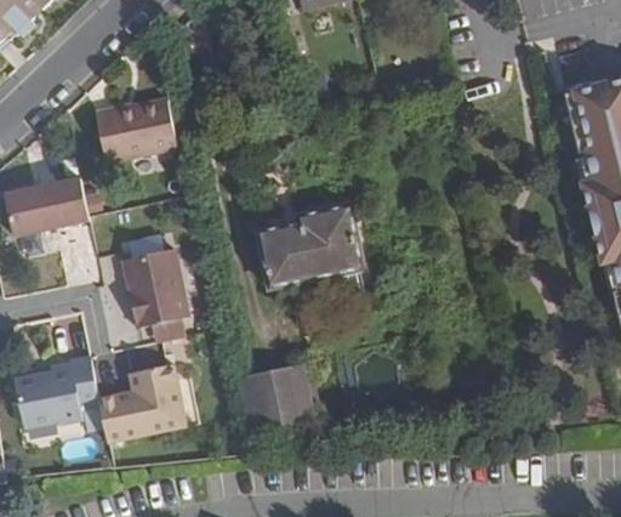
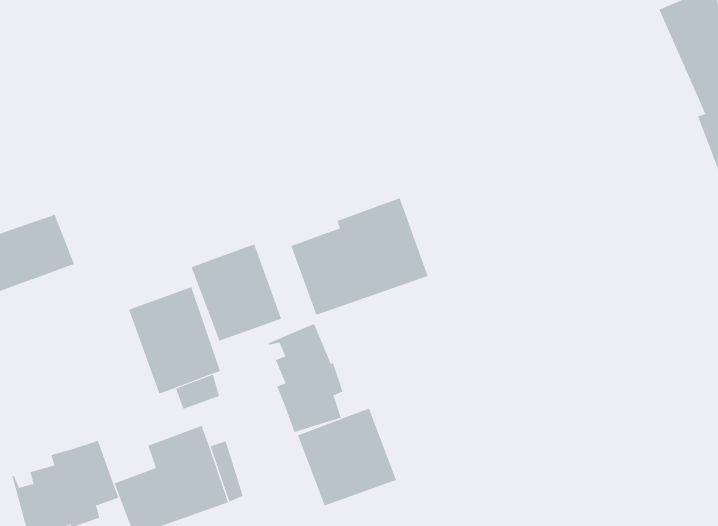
building: [96,96,178,163] -> none
building: none -> [191,244,282,342]
building: none -> [268,323,343,433]

